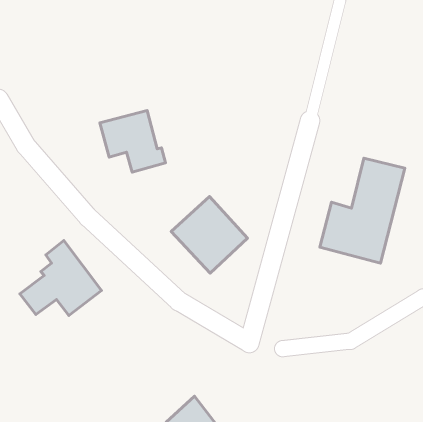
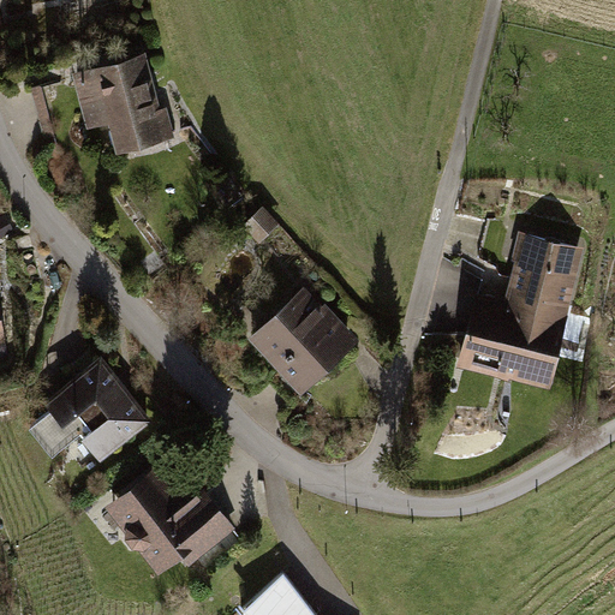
building: [100,110,166,172] -> [74,60,169,149]
building: none -> [112,477,228,567]

